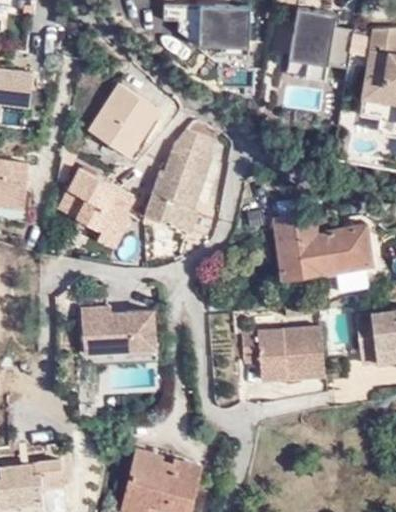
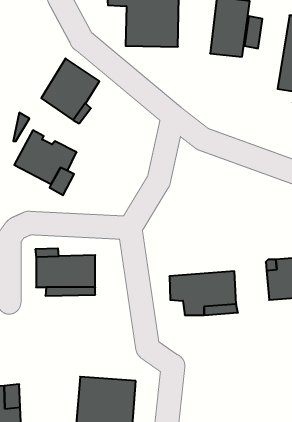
building: [142,126,209,228] -> none
building: [250,207,372,278] -> none

